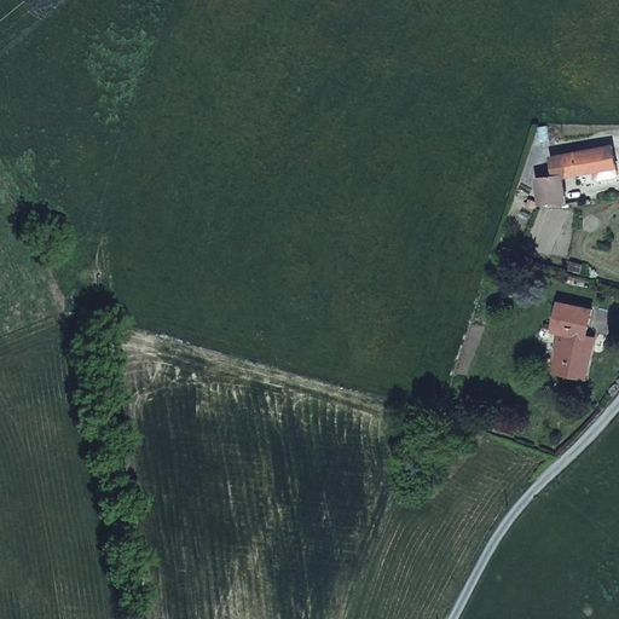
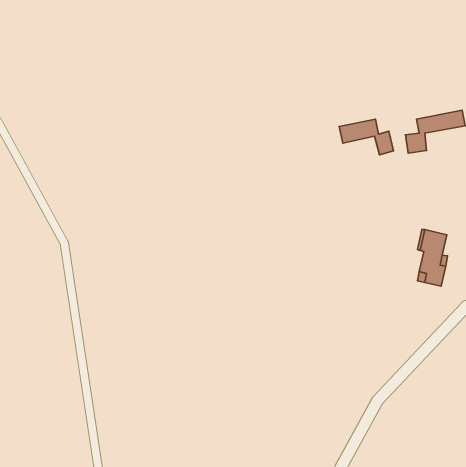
building: none -> [339,119,394,155]

